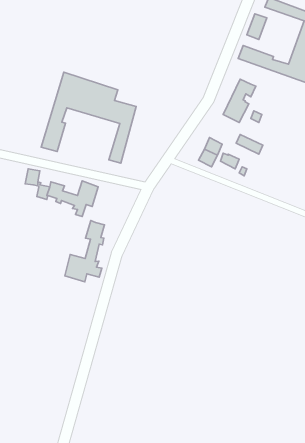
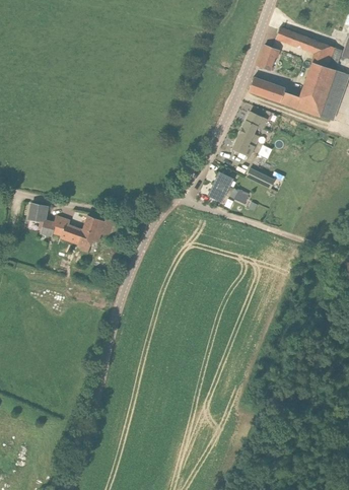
building: [41,72,136,163] -> none
building: [65,220,105,282] -> none

